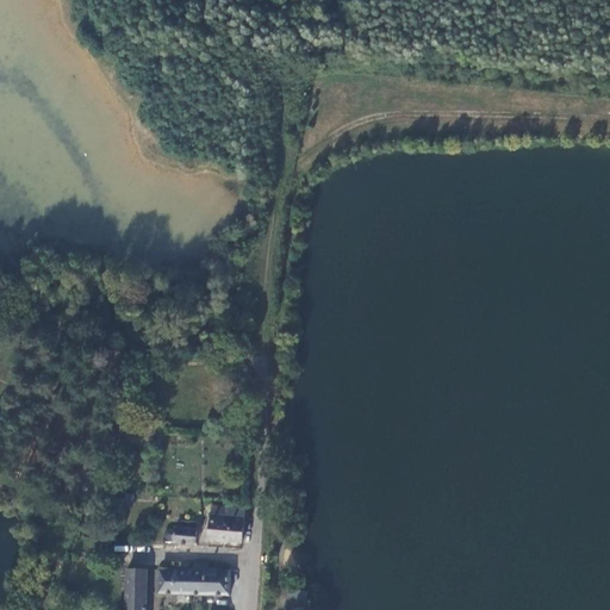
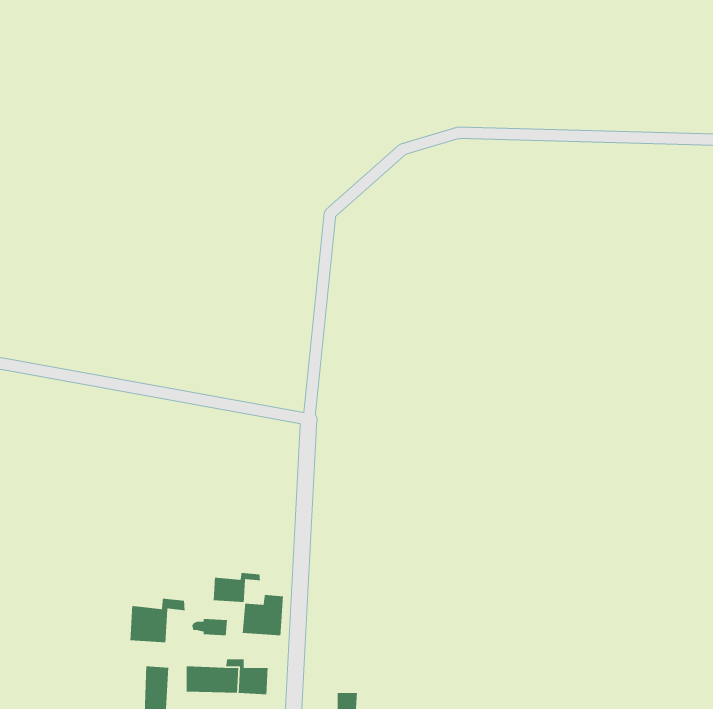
building: none -> [213,572,261,603]
building: none -> [130,598,185,643]

